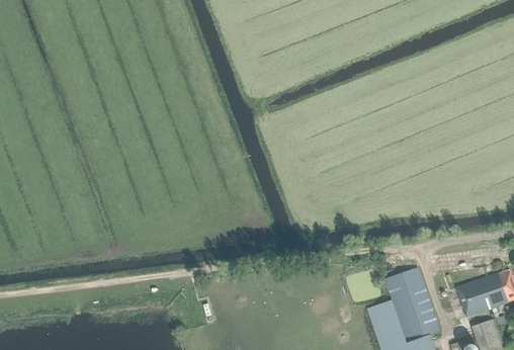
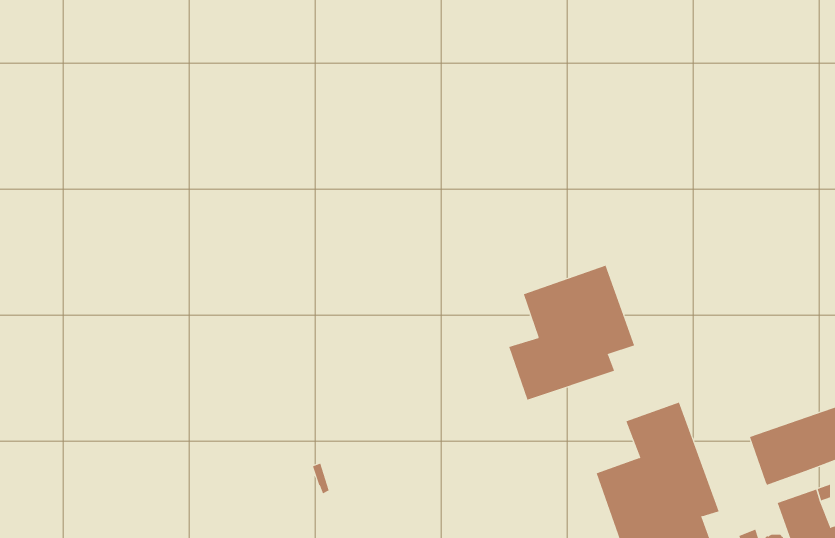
building: none -> [509,265,635,400]

